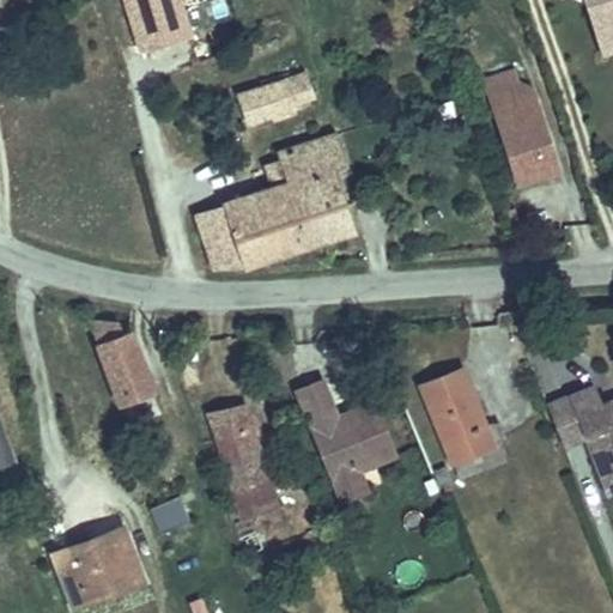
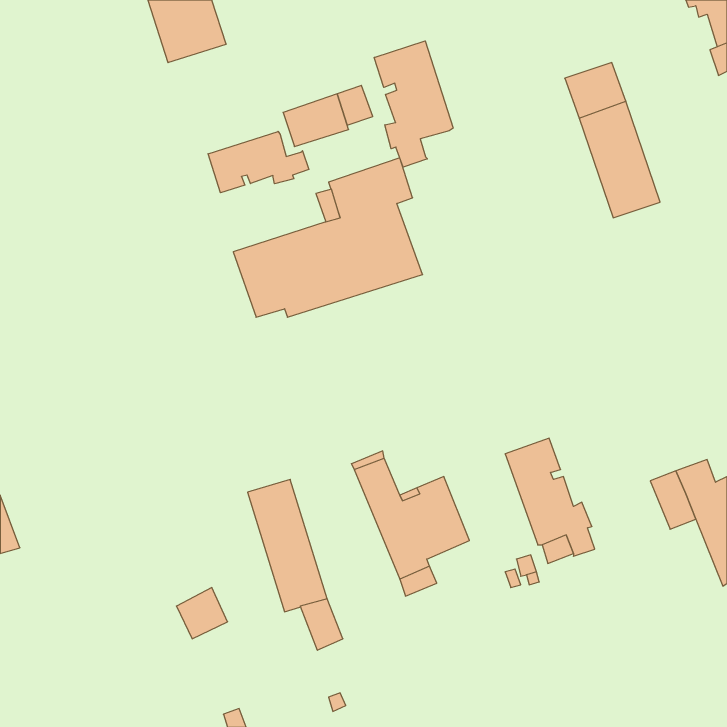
building: none -> [374,41,453,167]
building: none -> [208,131,309,193]
building: [89,321,153,406] -> none
building: [55,529,141,603] -> none

